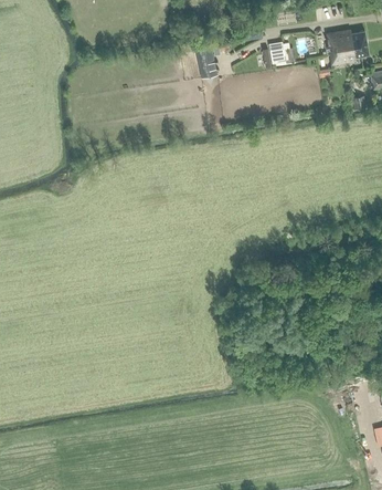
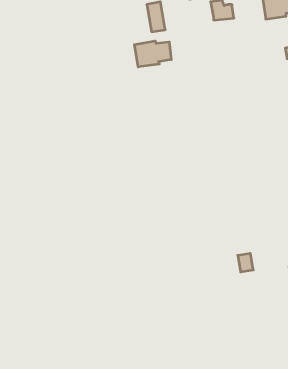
building: none -> [134,41,171,67]

